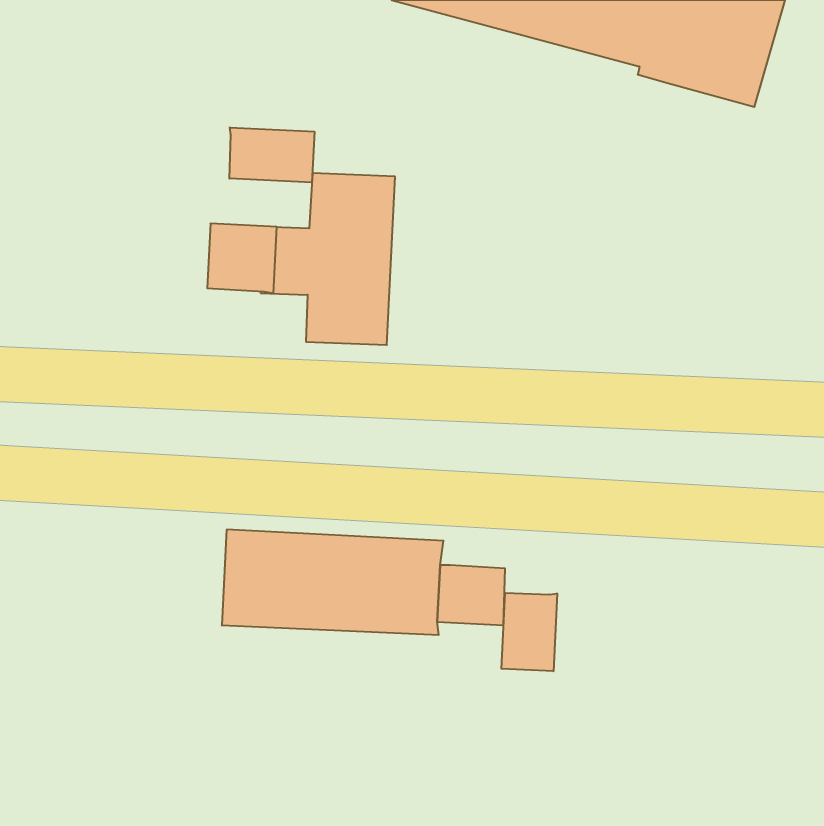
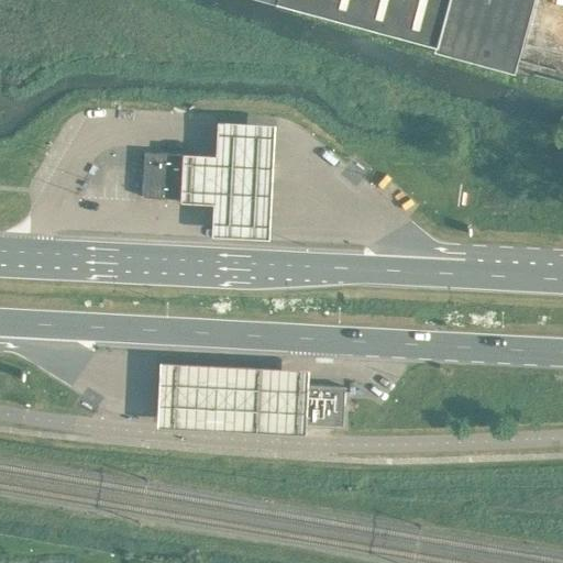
building: [229,127,314,183] -> none
building: [501,593,557,671] -> none

